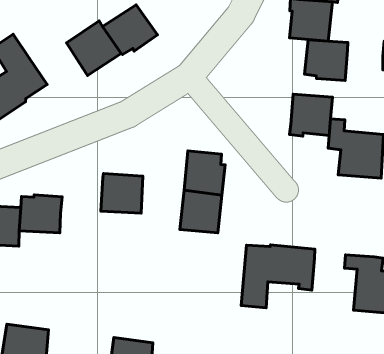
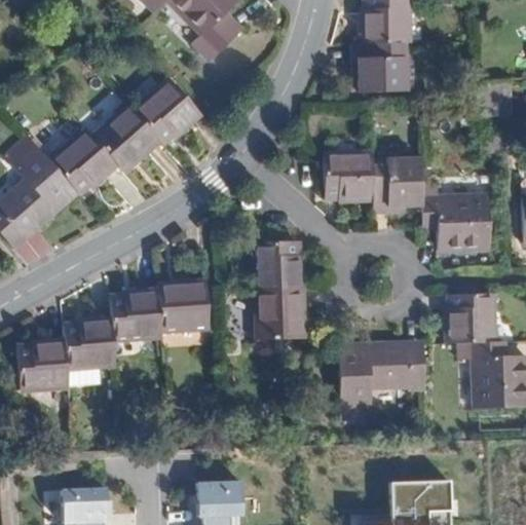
building: none -> [48,127,114,190]
building: [304,40,348,80] -> [324,151,375,199]
building: none -> [108,292,160,342]
building: none -> [448,296,497,347]

